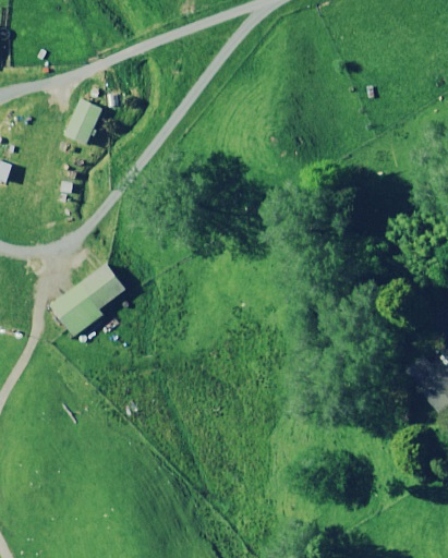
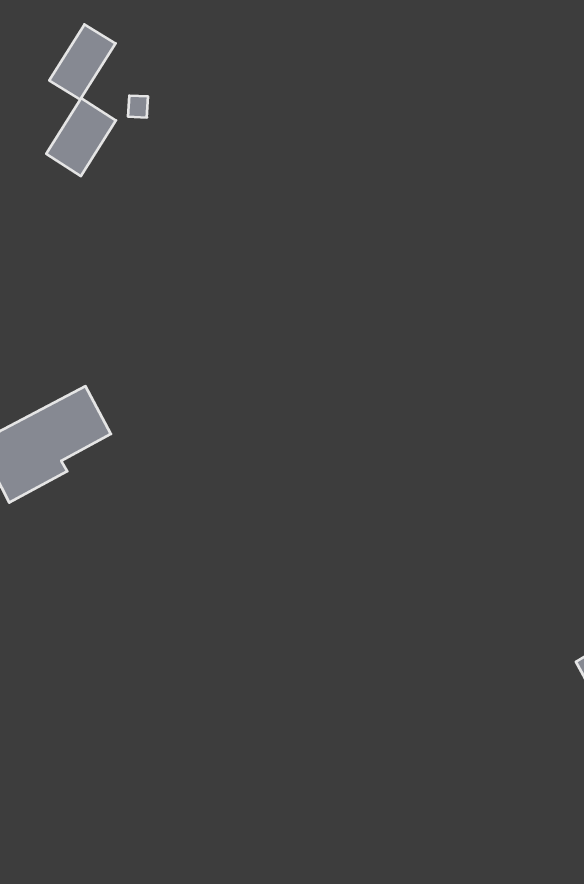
building: none -> [49,24,116,99]

